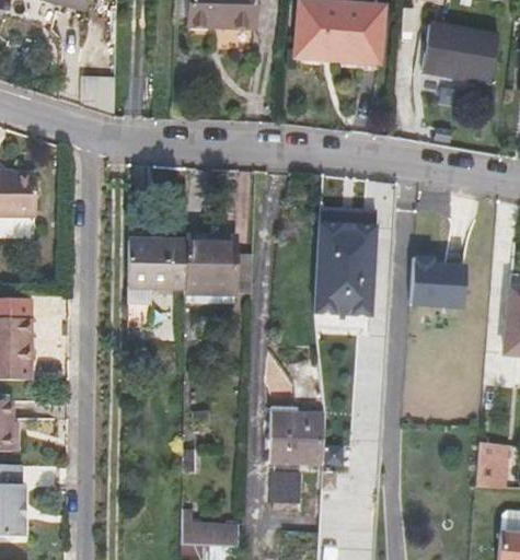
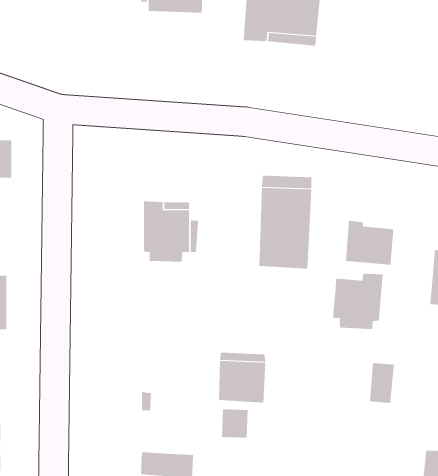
building: [423,23,500,83] -> none
building: [127,240,185,323] -> none
building: none -> [332,273,383,330]
building: [479,442,508,488] -> [369,363,395,404]

